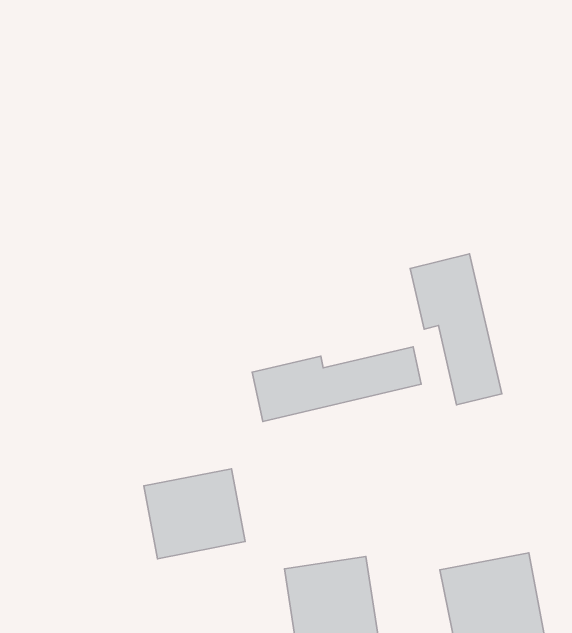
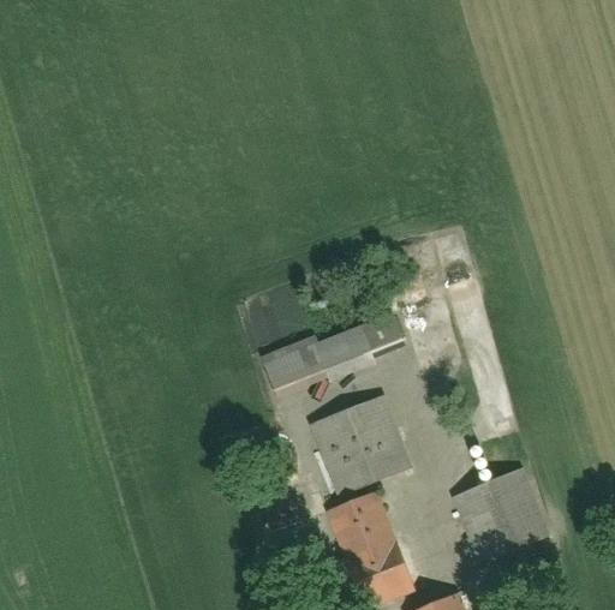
building: [410,254,502,405] -> none
building: [144,469,245,559] -> [311,401,404,486]

